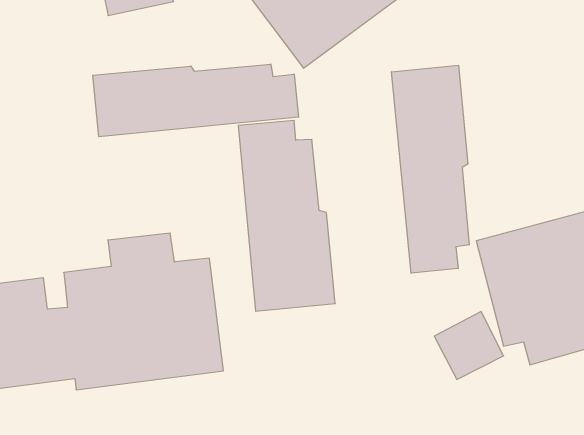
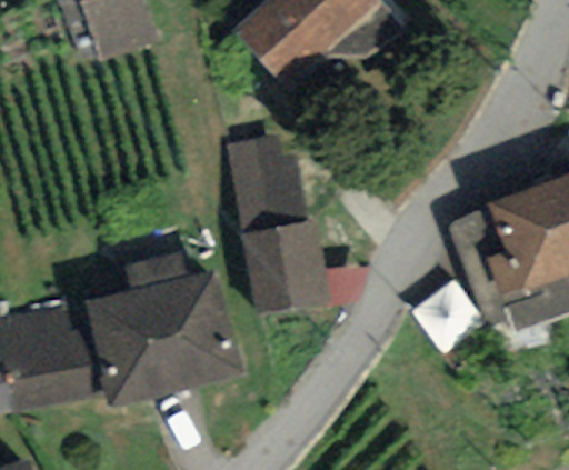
building: [93,64,298,137] -> none
building: [392,65,469,273] -> none

